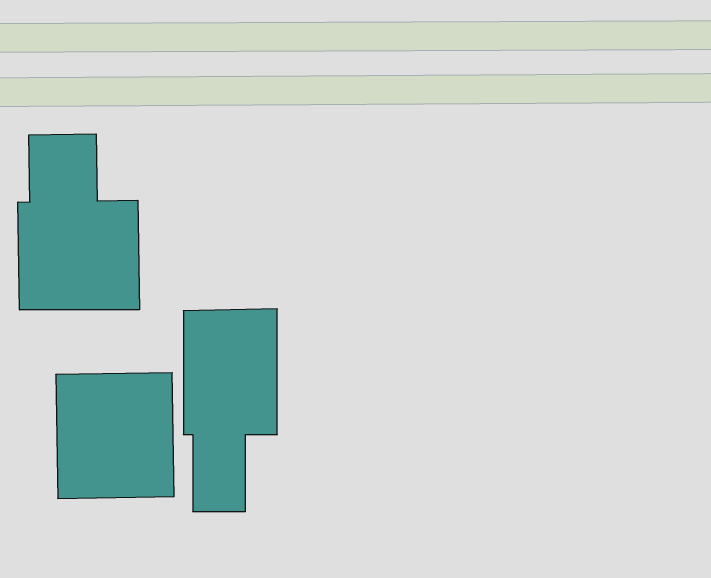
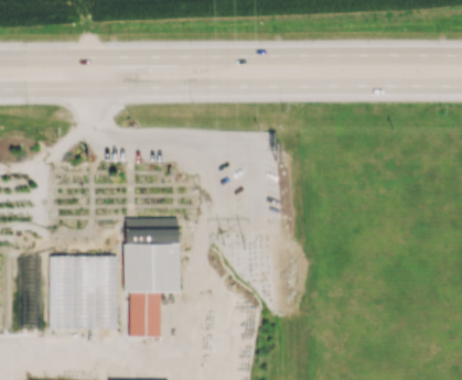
building: [18,134,139,310] -> none

